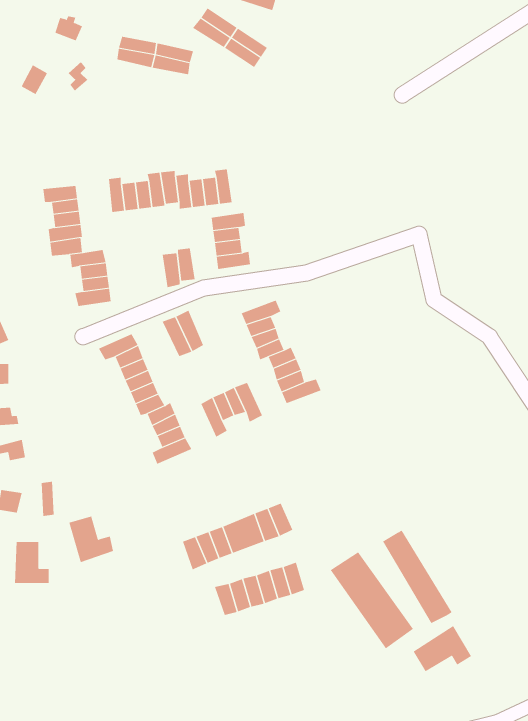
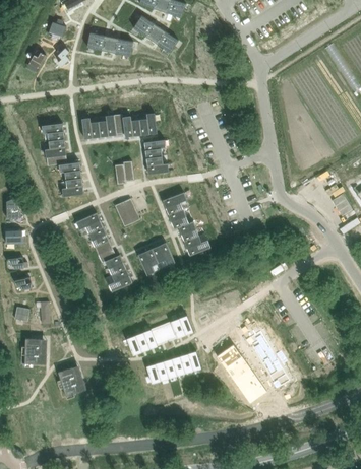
building: [68,516,114,563] -> [59,367,86,396]
building: [413,625,472,672] -> none

